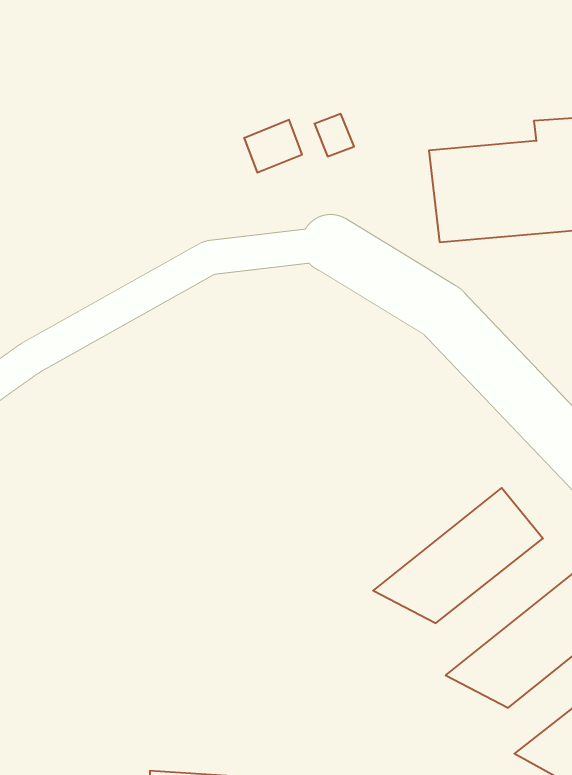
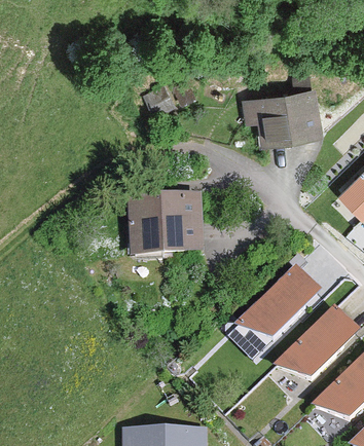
building: none -> [126,187,199,253]

